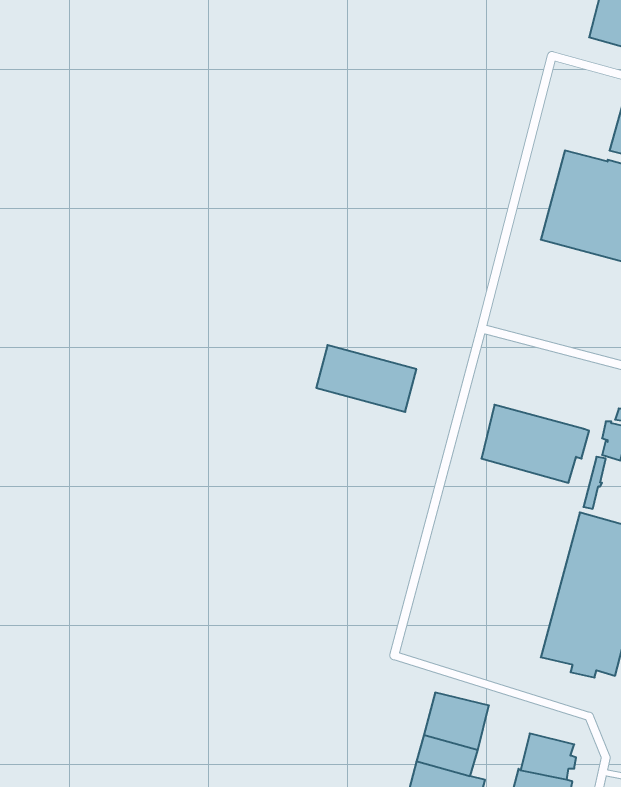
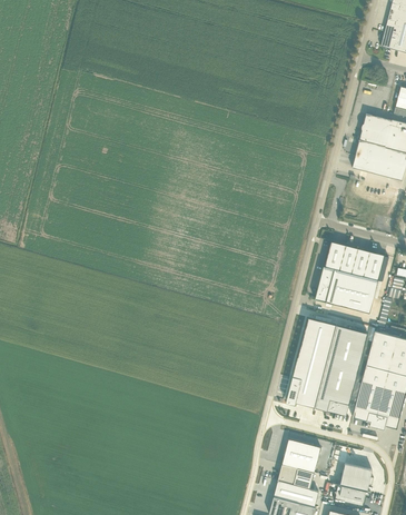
building: [316,345,416,412] -> [325,240,385,280]
building: none -> [286,317,367,415]

